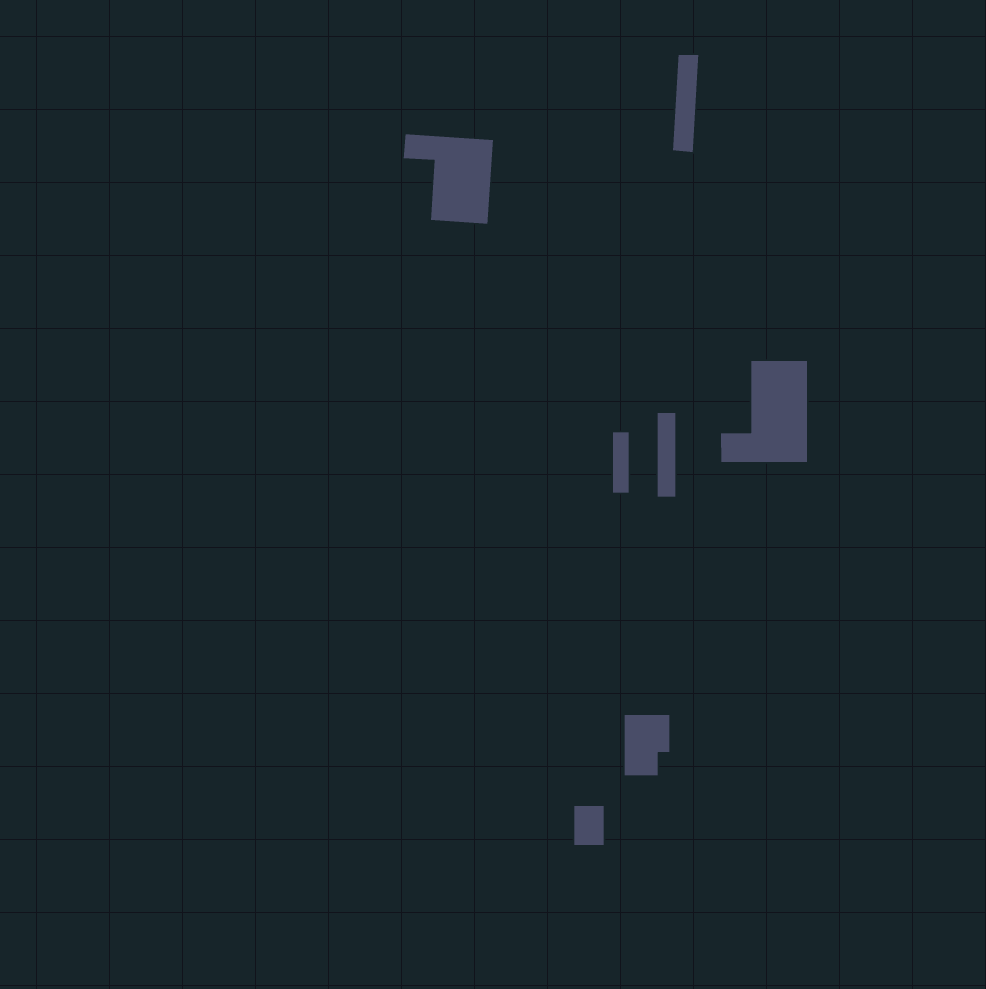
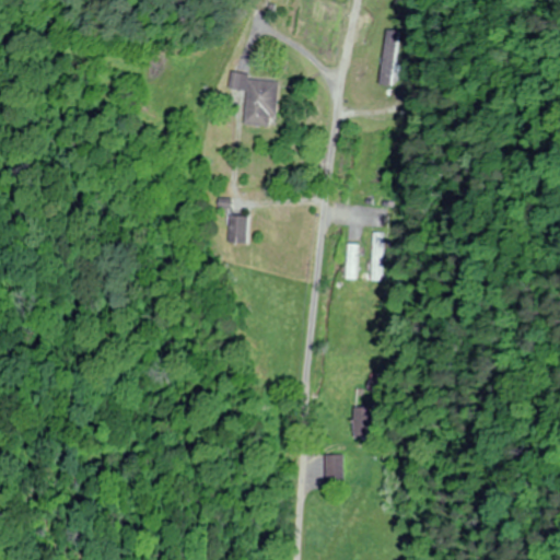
building: [720,360,808,463] -> none
building: none -> [229,215,246,243]

